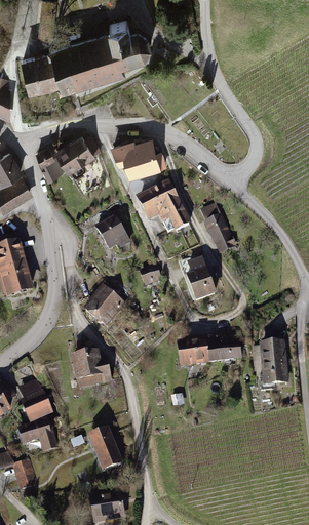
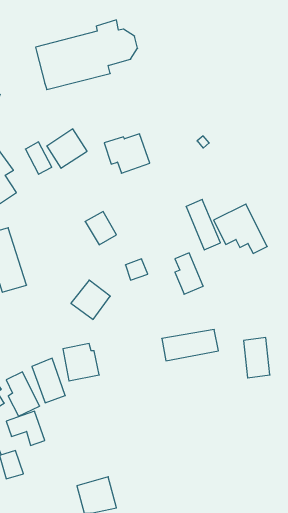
building: [18,52,55,93] -> none
building: [137,180,191,231] -> [214,204,267,253]
building: [90,426,124,471] -> [32,358,65,403]

